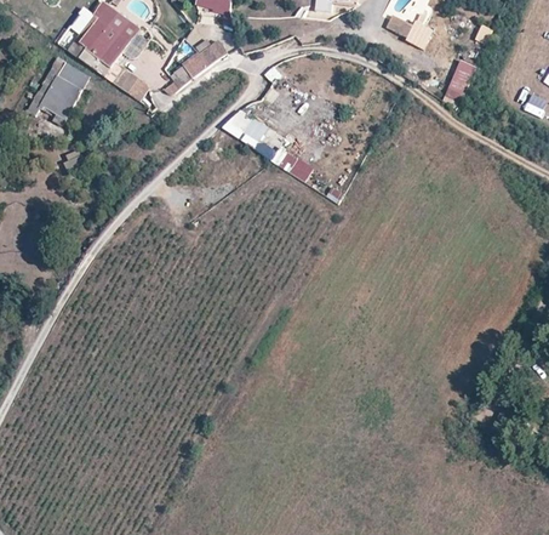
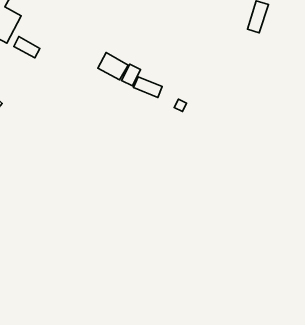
building: [166,33,230,93] -> none

